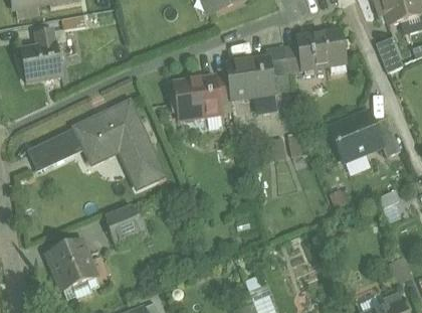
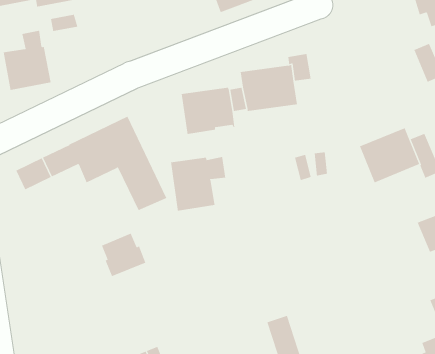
building: [296,29,347,71] -> none
building: none -> [170,156,226,212]
building: [48,239,95,289] -> none

